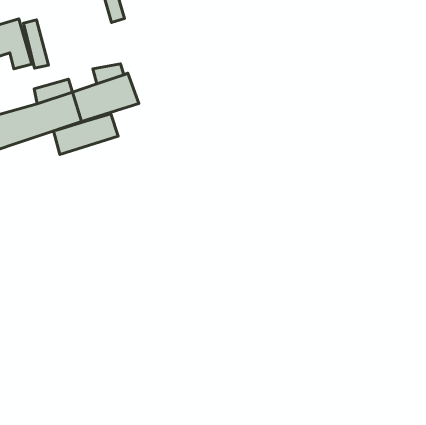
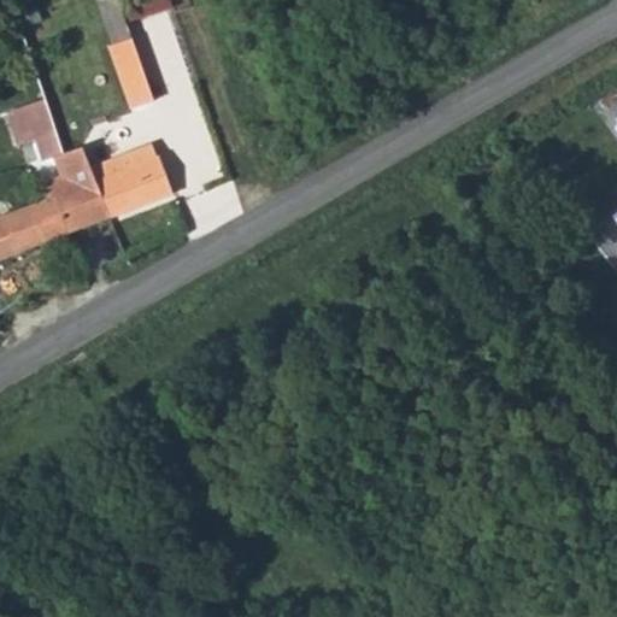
building: [54,114,118,155] -> none

